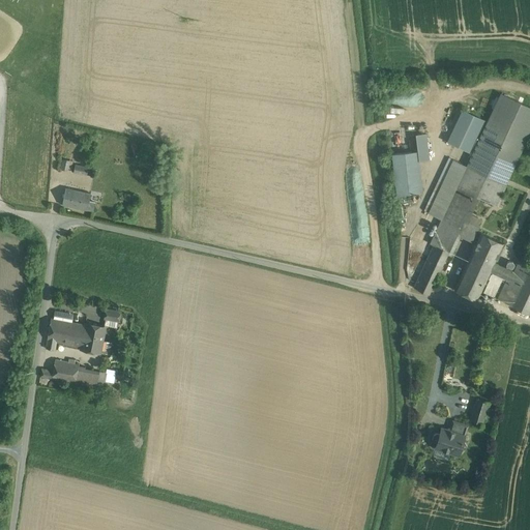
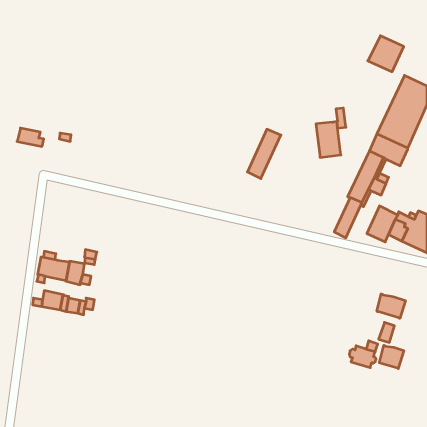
building: [443,109,488,153] -> [368,36,404,72]
building: [424,158,466,219] -> [247,129,281,179]
building: [62,189,95,212] -> [17,128,44,146]
building: [470,233,503,267] -> none
building: none -> [377,294,405,318]
building: none -> [379,345,404,369]

